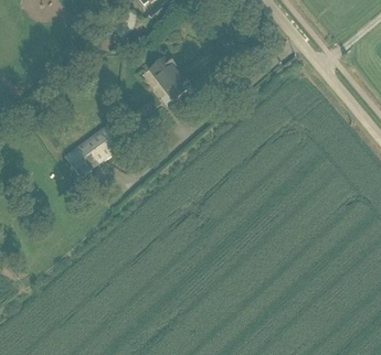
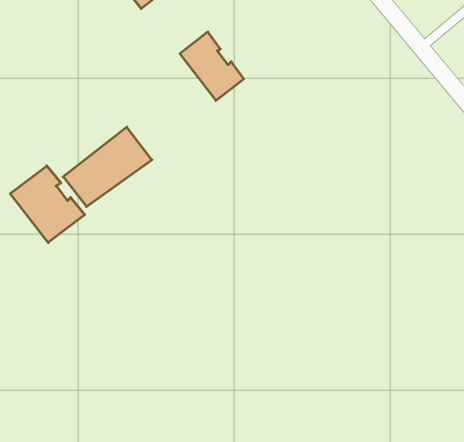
building: none -> [10,166,85,243]

